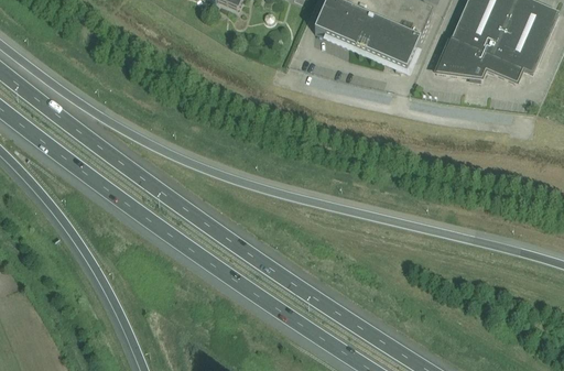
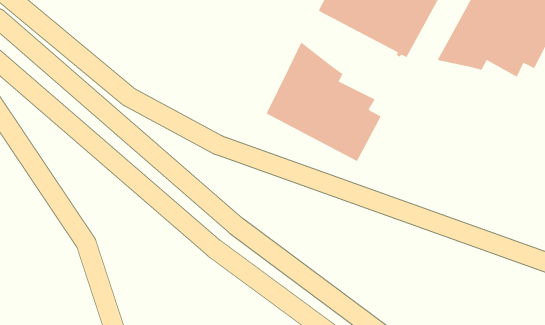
building: none -> [266,41,382,162]

